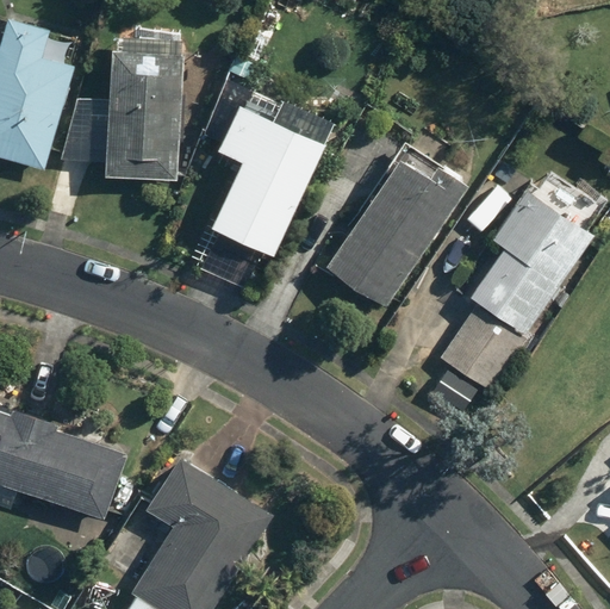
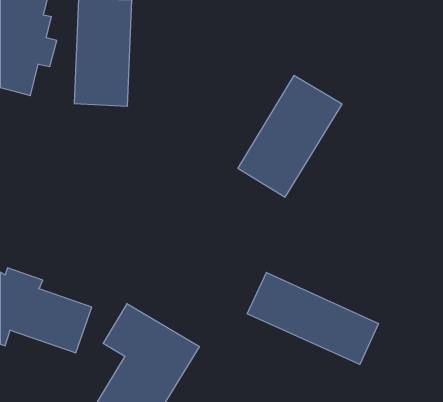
building: [205,100,331,256] -> none
building: [441,188,591,402] -> none
building: none -> [247,272,378,364]

